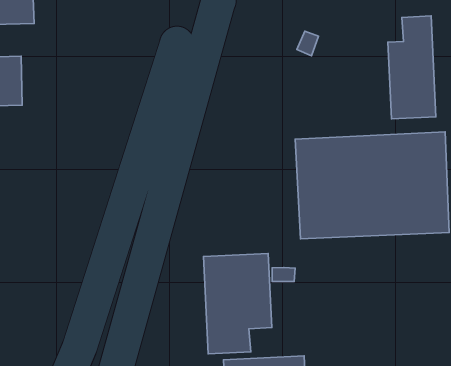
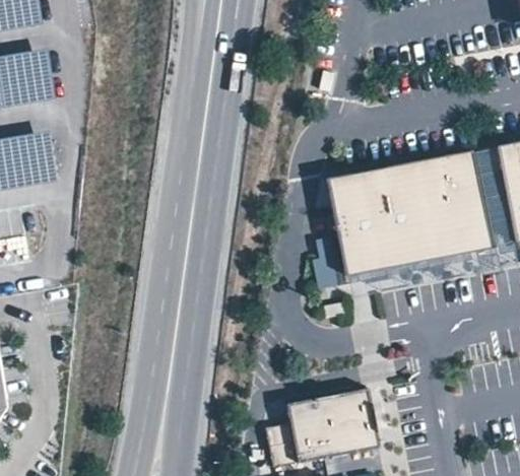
building: [388,16,436,119] -> none
building: [204,253,272,354] -> none

